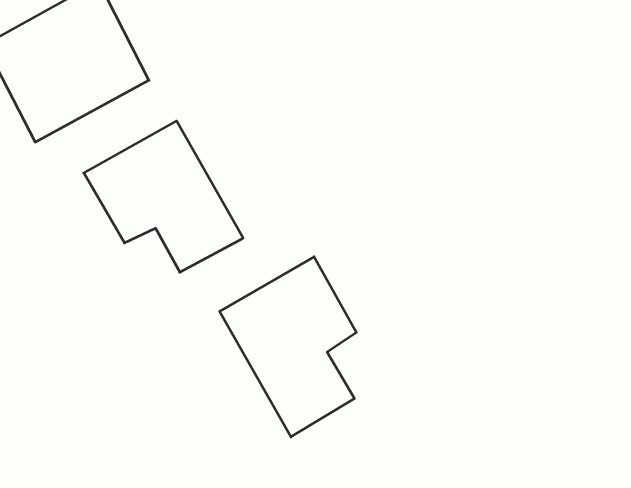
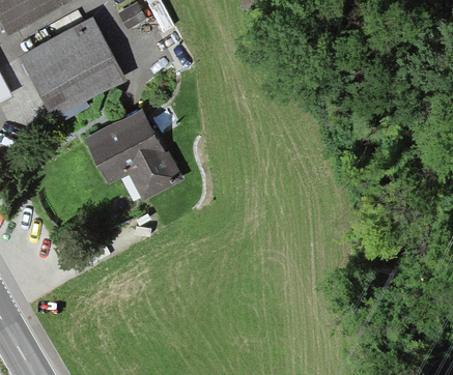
building: [220,257,356,437] -> none

